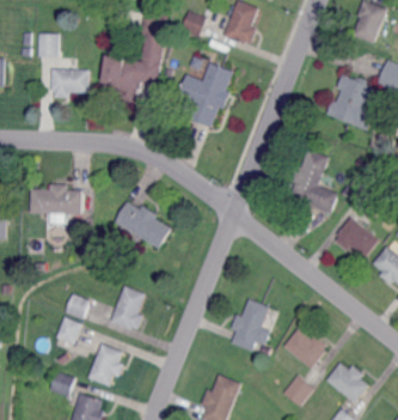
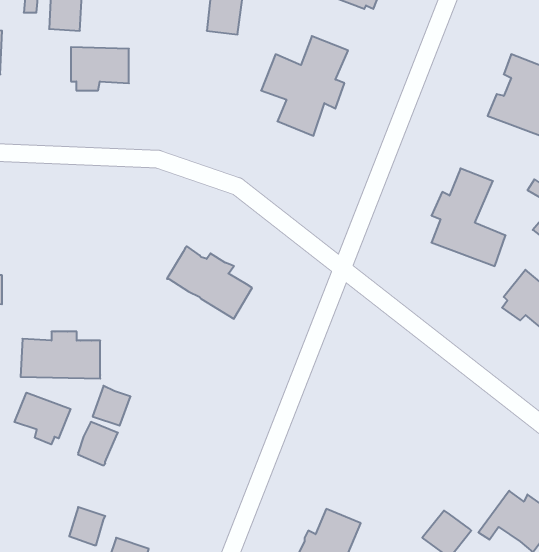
building: [99,55,159,102] -> none
building: [29,183,81,214] -> [21,332,100,379]
building: [110,285,145,329] -> none
building: none -> [14,393,71,444]
building: [231,298,269,351] -> none
building: [283,328,326,369] -> none
building: [87,342,123,385] -> none

